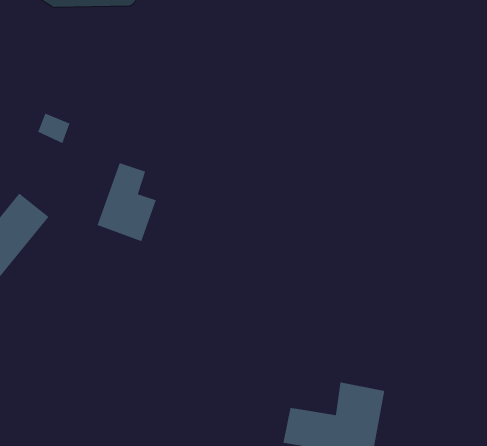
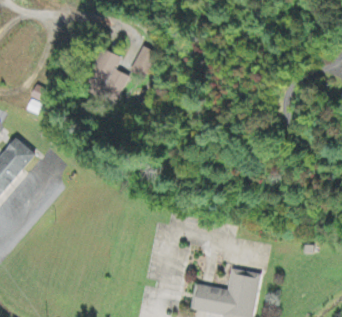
building: none -> [129,47,153,77]
building: [96,162,157,242] -> [88,50,128,103]

